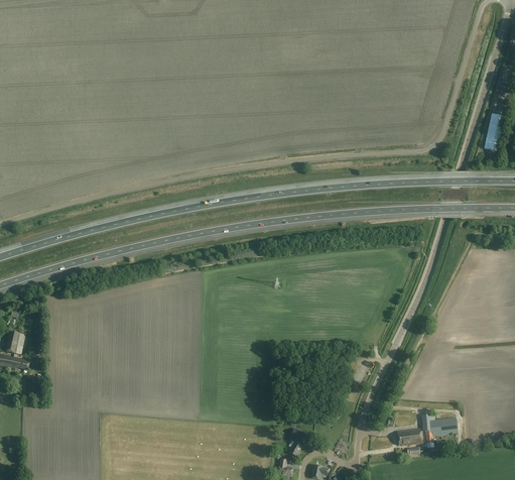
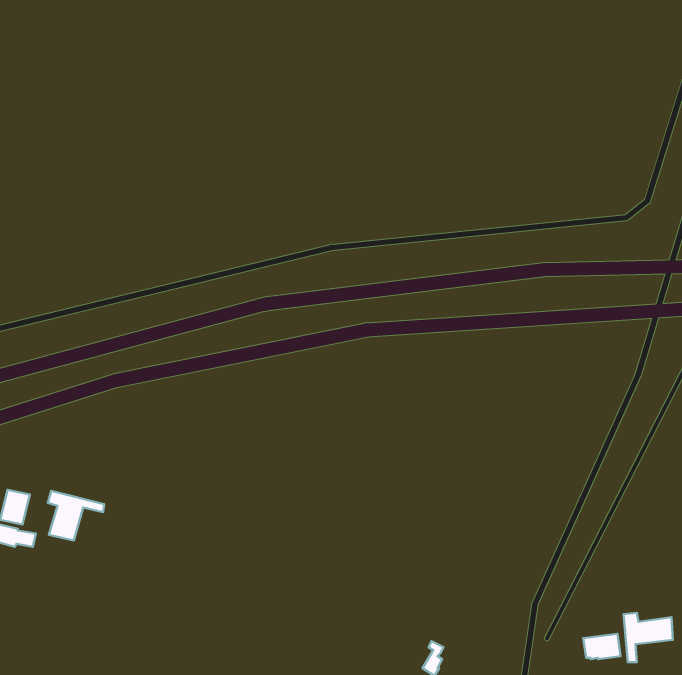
building: none -> [48,491,104,541]

